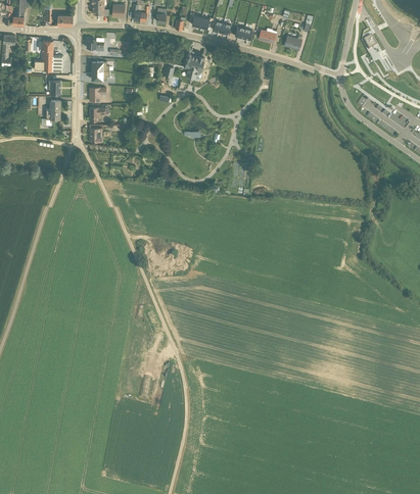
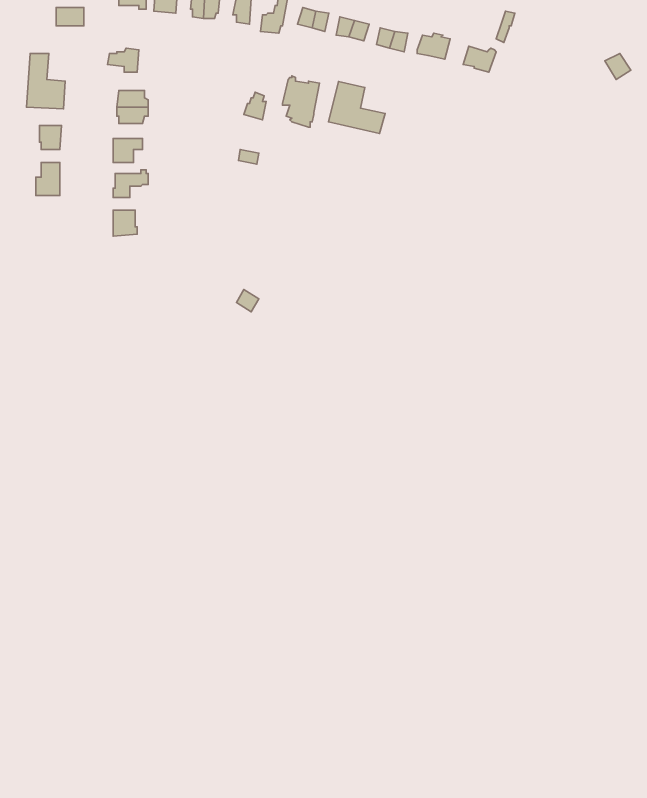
building: none -> [328,82,385,133]

